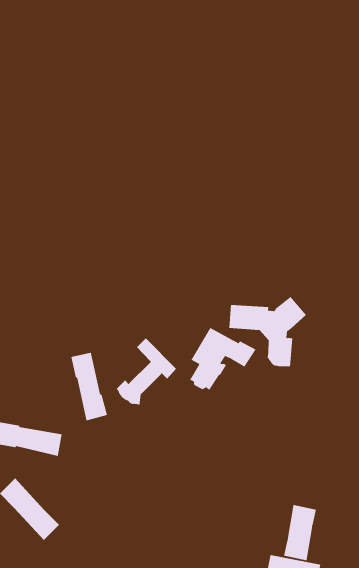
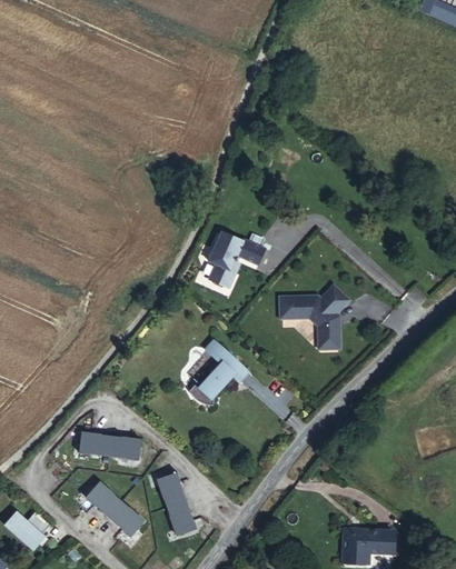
building: [189,327,256,391] -> [205,233,265,292]
building: [71,352,108,421] -> [158,472,199,537]
building: [283,504,317,561] -> none

